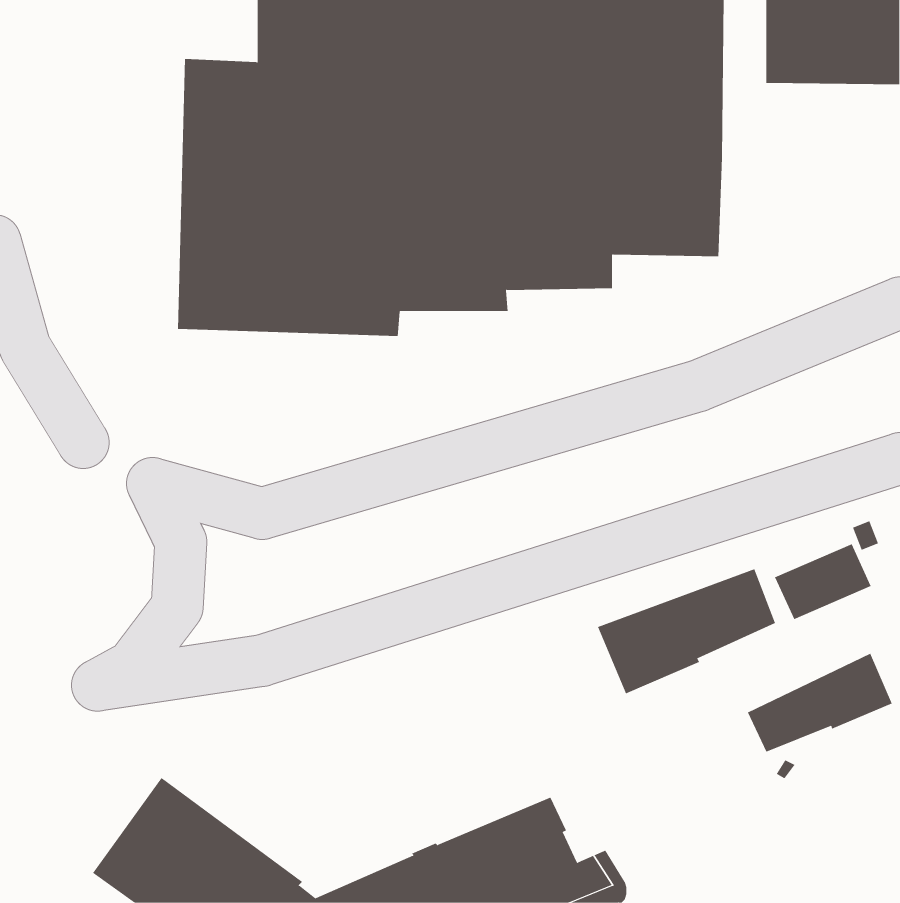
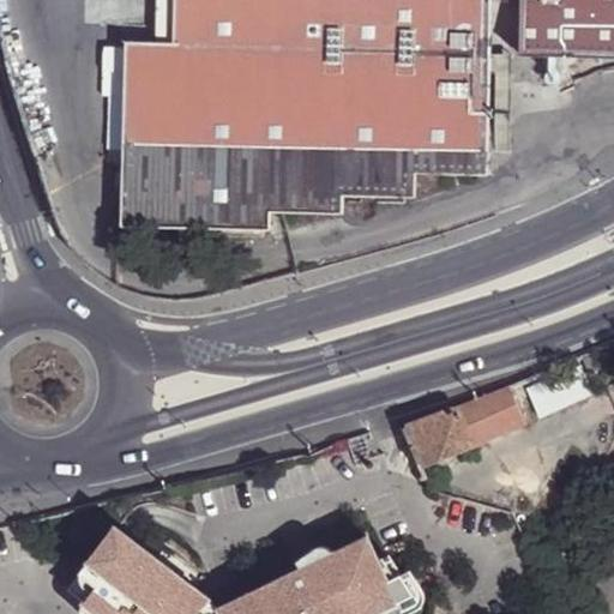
building: [747,653,892,753] -> none

